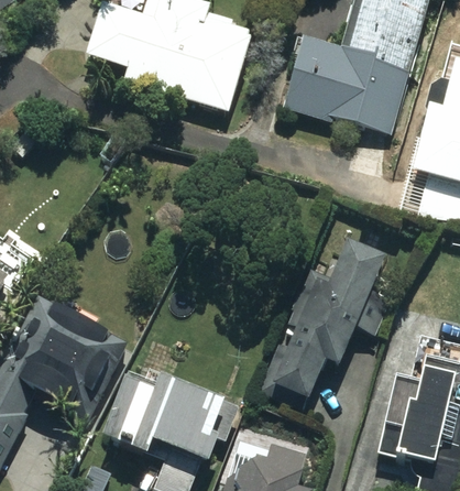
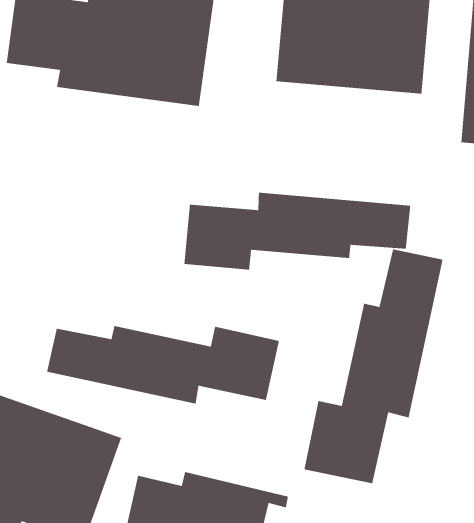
building: none -> [183,192,411,271]
building: none -> [46,325,280,405]

